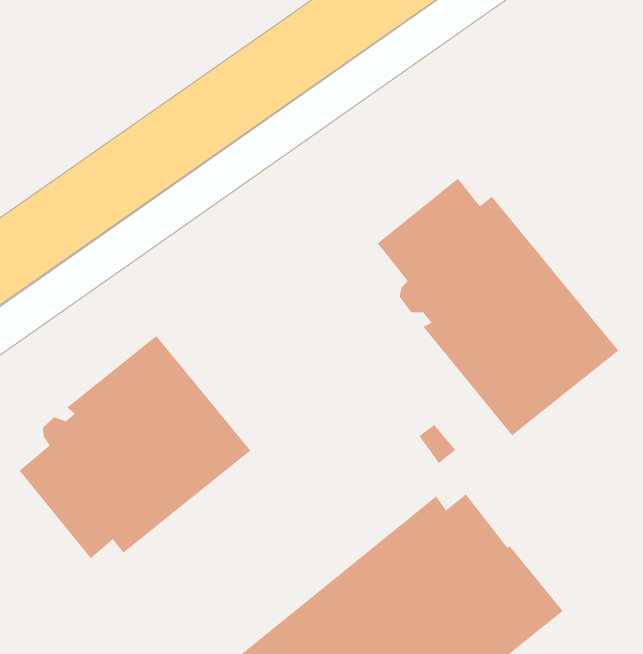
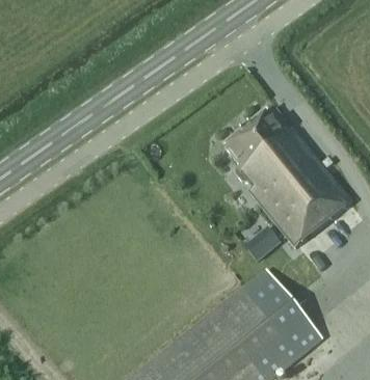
building: [19,335,251,559] -> none

